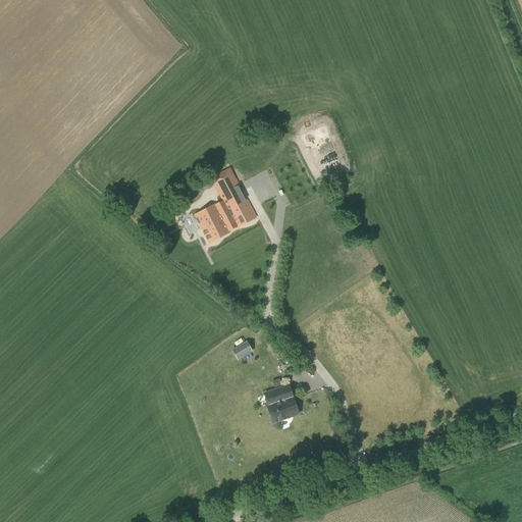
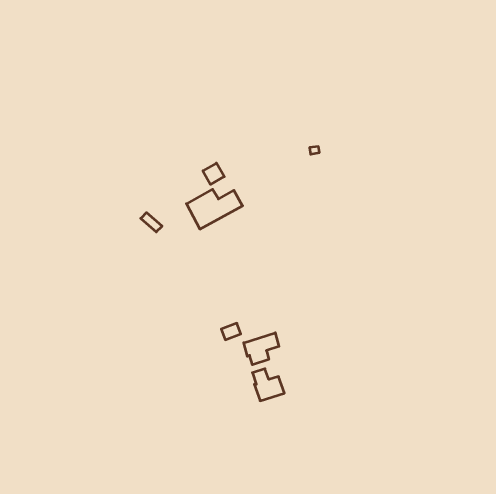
building: none -> [244,333,279,365]

